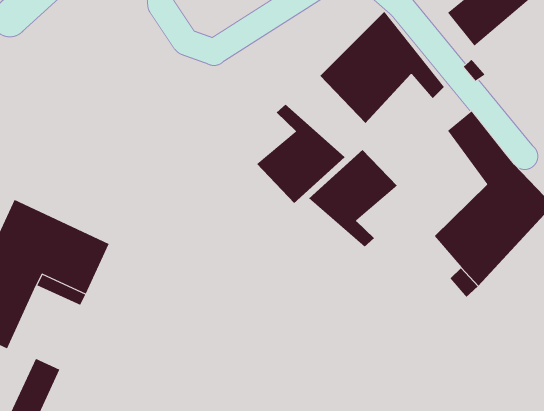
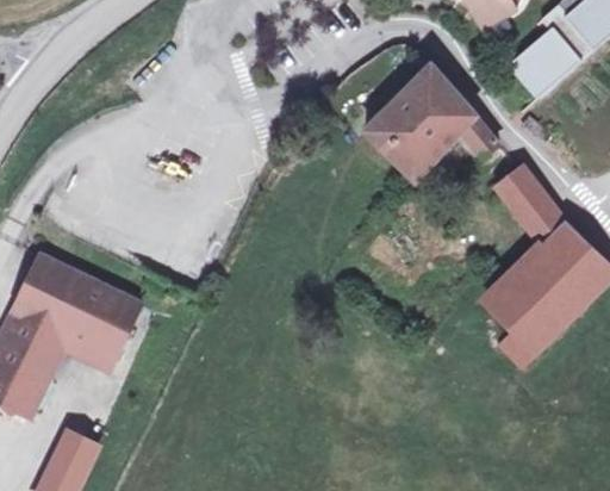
building: [256,104,346,204] -> none
building: [308,149,398,247] -> none

